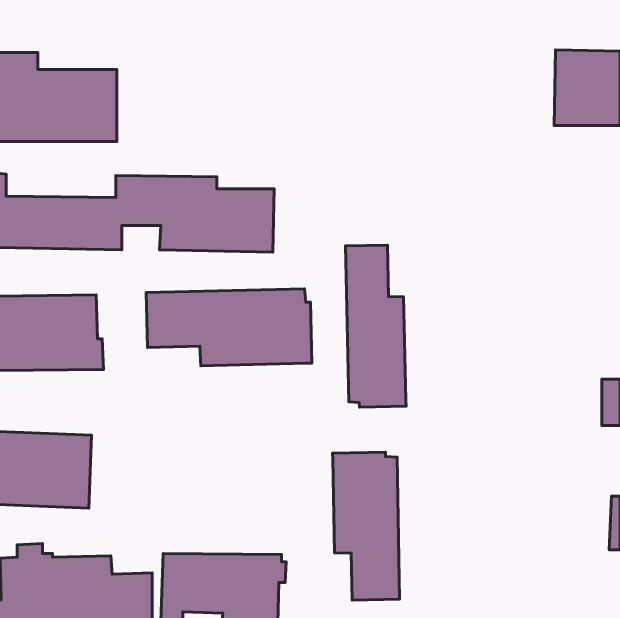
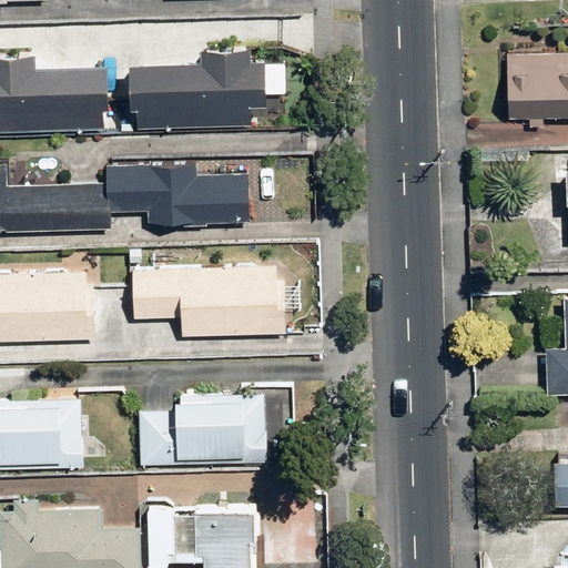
building: none -> [133,48,266,128]
building: [346,245,406,407] -> none
building: none -> [140,393,266,465]
building: [333,452,400,600] -> none

